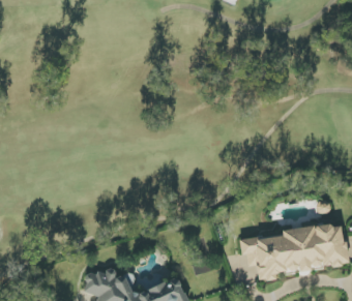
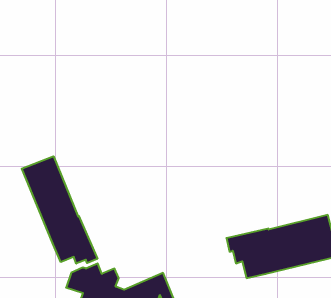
building: none -> [22,156,97,264]

